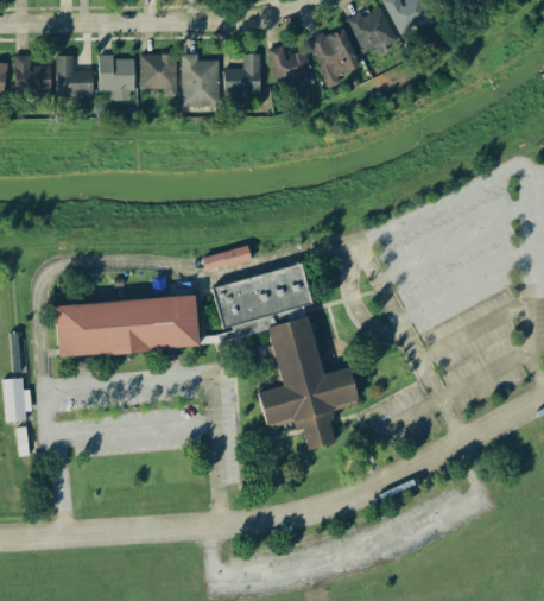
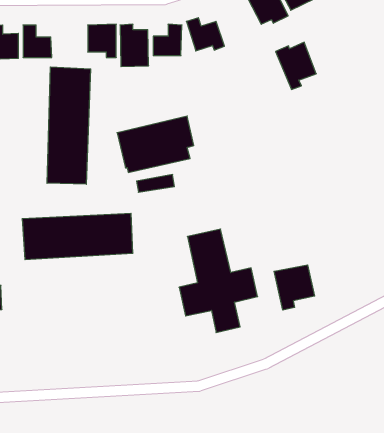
building: [308,27,360,88] -> [276,42,316,89]
building: [99,55,134,101] -> none
building: none -> [47,67,91,184]
building: [213,265,311,337] -> [117,116,194,172]
building: none -> [274,265,315,310]

